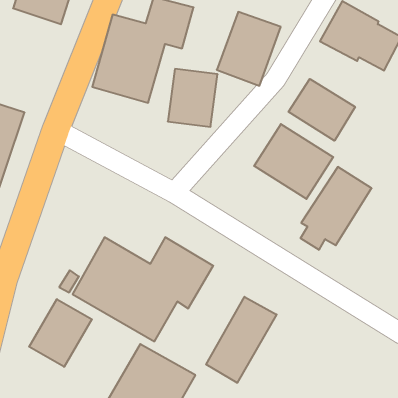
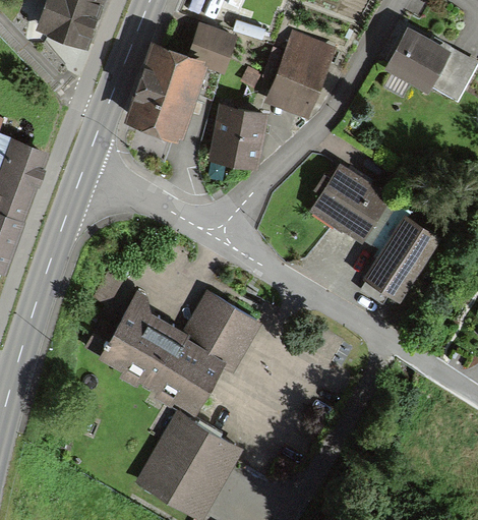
building: [289,79,355,141] -> none
building: [206,297,277,383] -> none
building: [29,299,92,367] -> none

